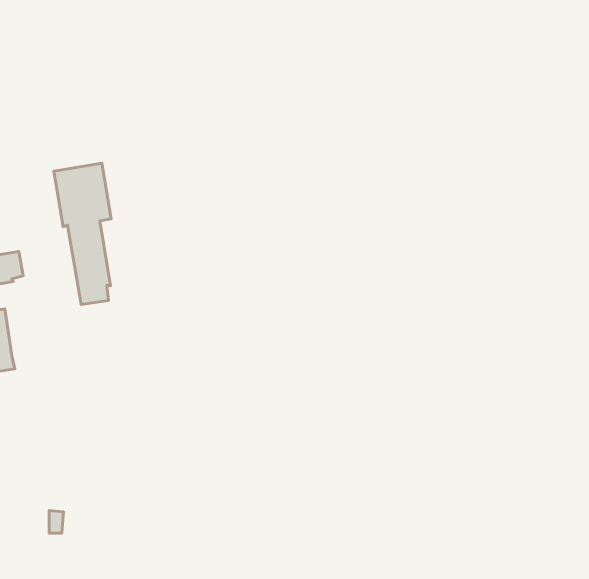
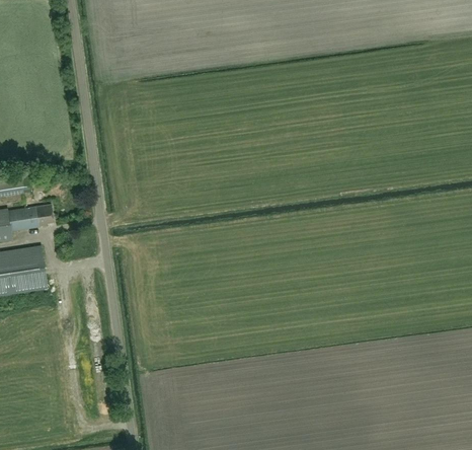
building: [54,163,111,305] -> none

